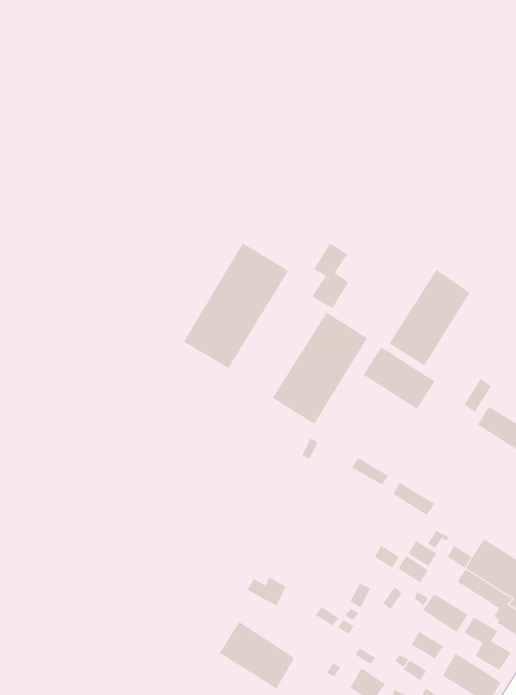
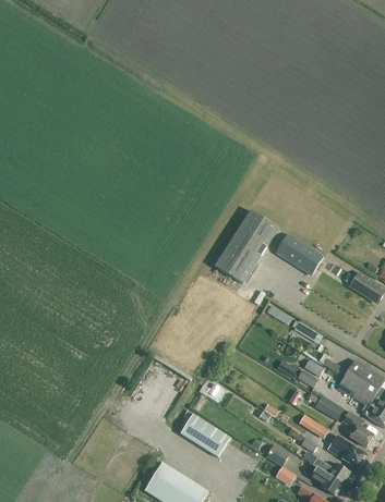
building: [183,242,289,369] -> none
building: [312,243,349,309] -> none
building: [389,269,470,366] -> none

